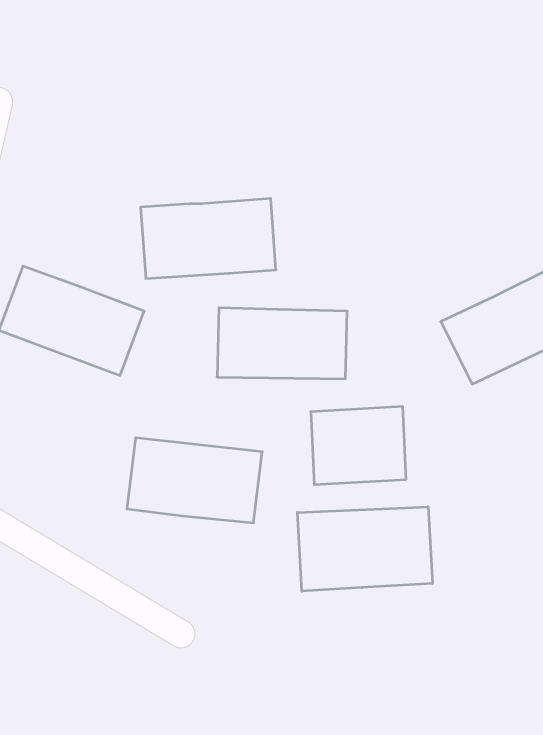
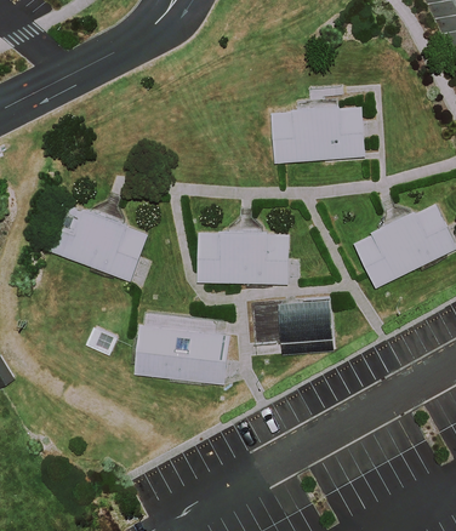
building: [141,199,276,278] -> [268,107,363,162]
building: [297,507,432,591] -> none

